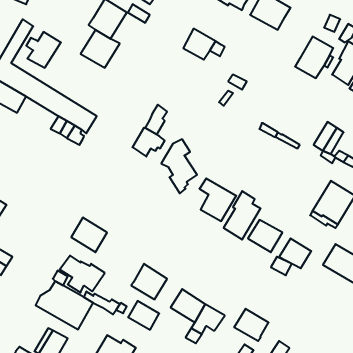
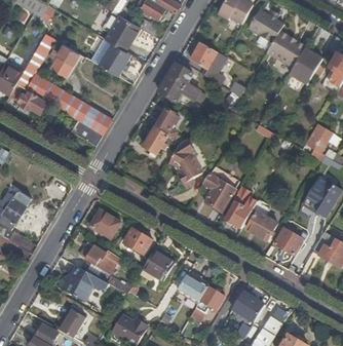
building: none -> [266,31,304,68]
building: none -> [157,64,203,103]
building: [128,301,159,330] -> [123,229,151,255]

